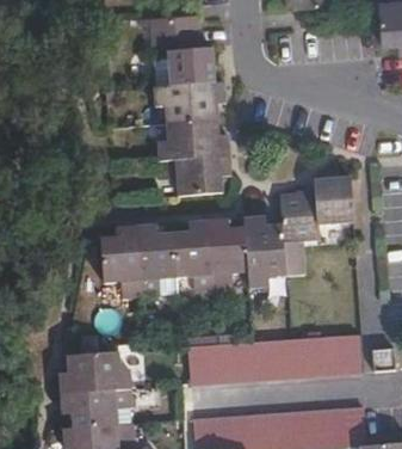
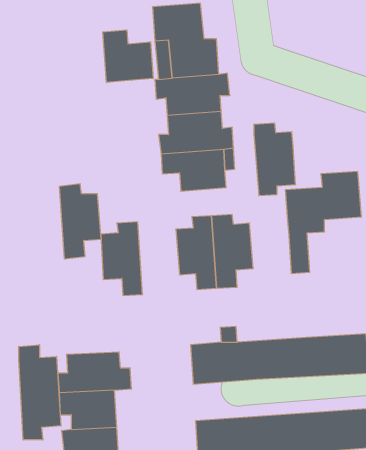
building: none -> [103,30,153,83]
building: [246,216,286,287] -> [254,123,296,196]
building: [137,223,178,296] -> [59,184,101,259]
building: none -> [19,345,61,440]

